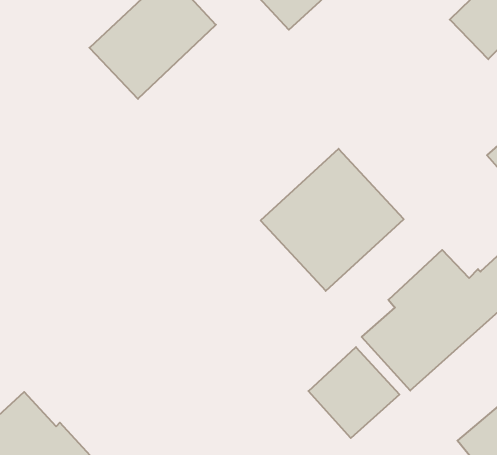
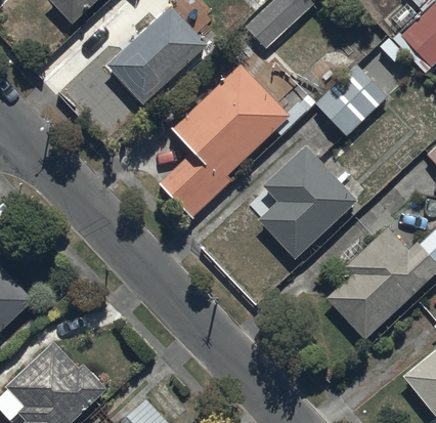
building: none -> [315,62,390,135]
building: none -> [158,64,291,220]
building: [308,347,399,438] -> none

